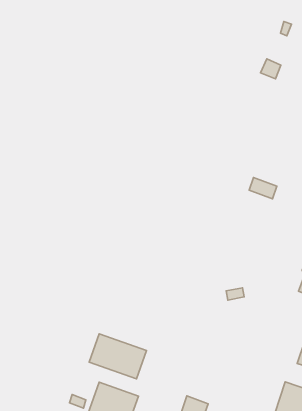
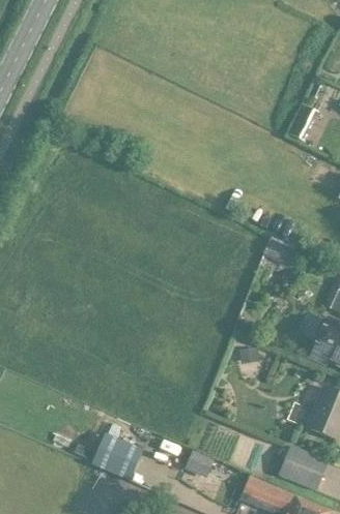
building: [89,334,146,379] -> none

